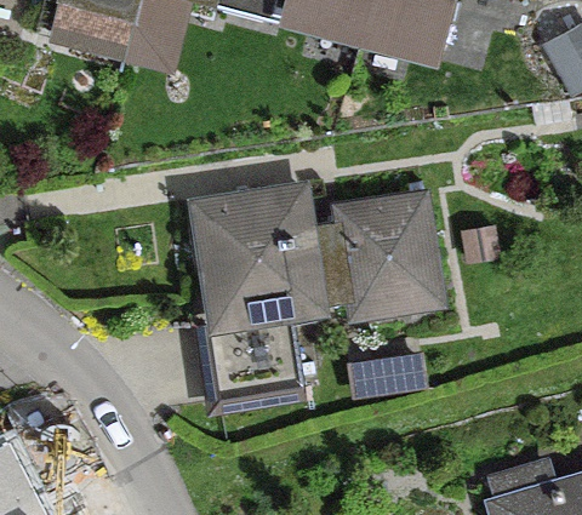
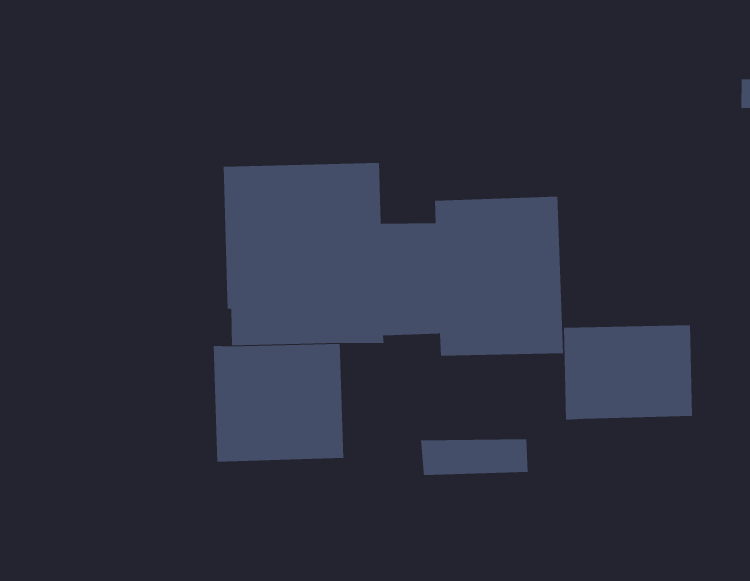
building: none -> [563,325,692,421]

